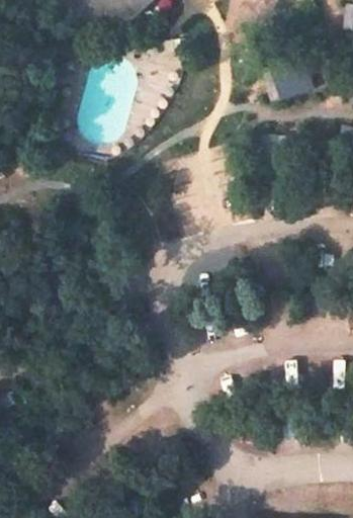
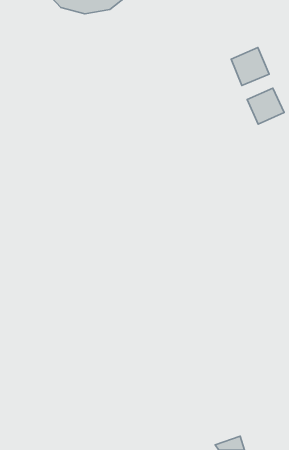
building: none -> [247,88,284,124]

